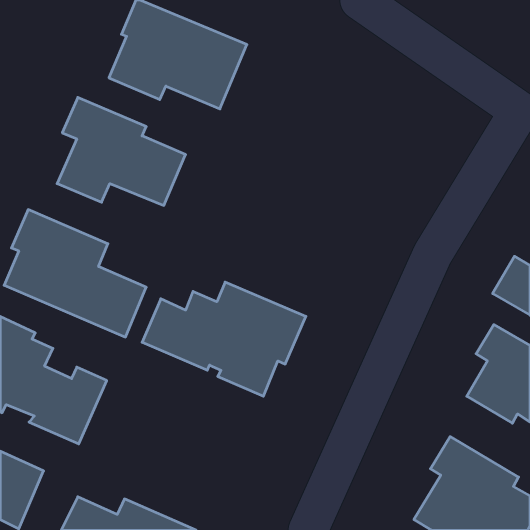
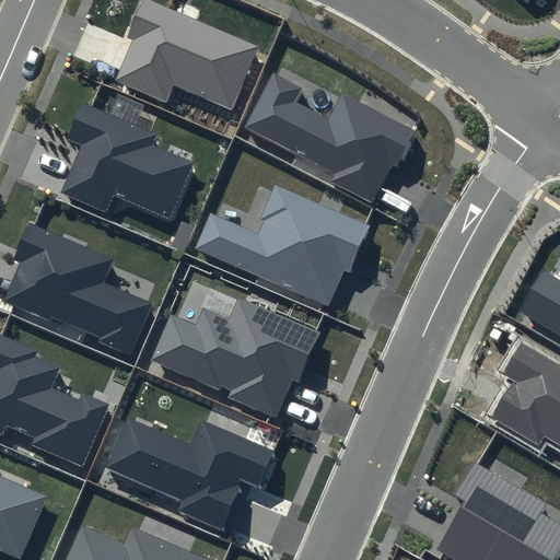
building: none -> [244,73,412,205]
building: none -> [195,185,373,305]
building: none -> [104,417,273,530]

